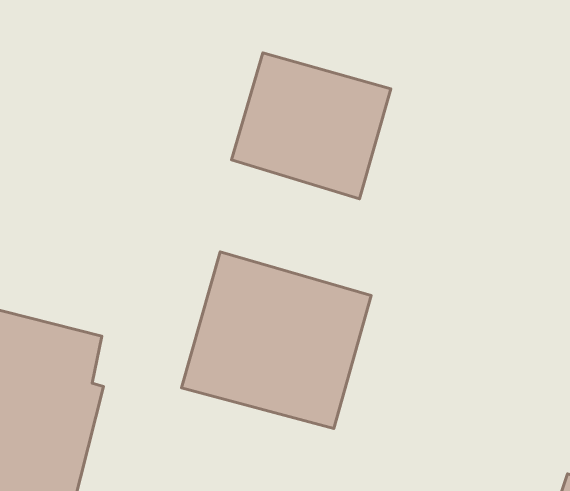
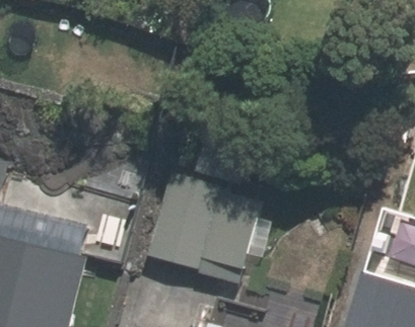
building: [232,53,391,199] -> none

